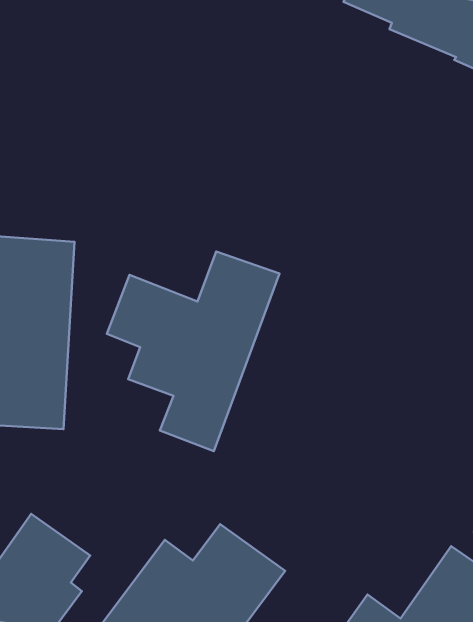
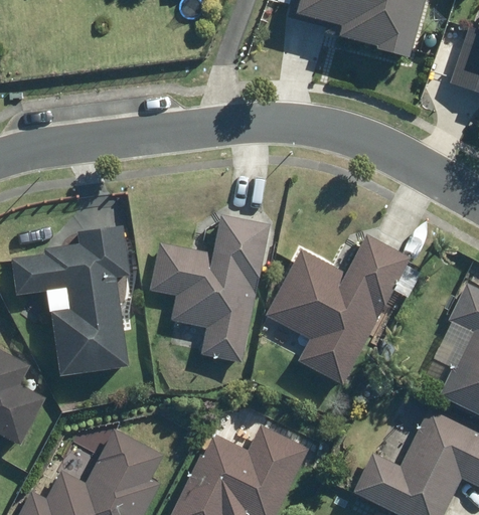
building: none -> [268,234,413,384]

